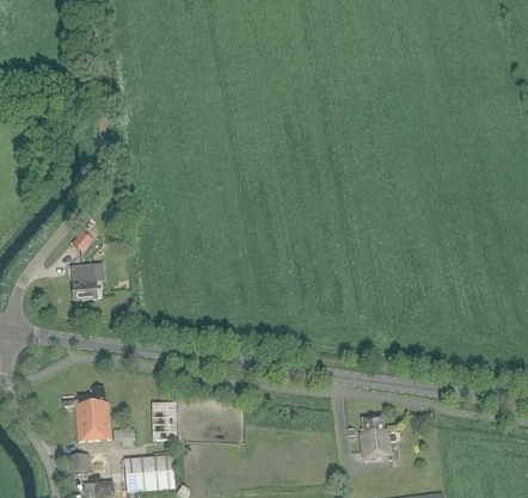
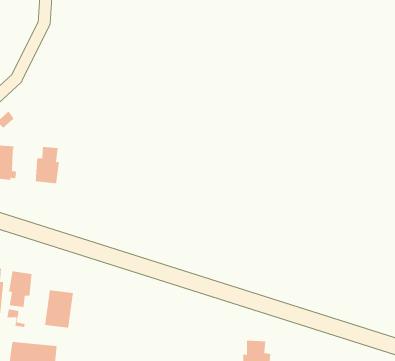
building: none -> [35,146,60,184]
building: none -> [8,271,33,308]

